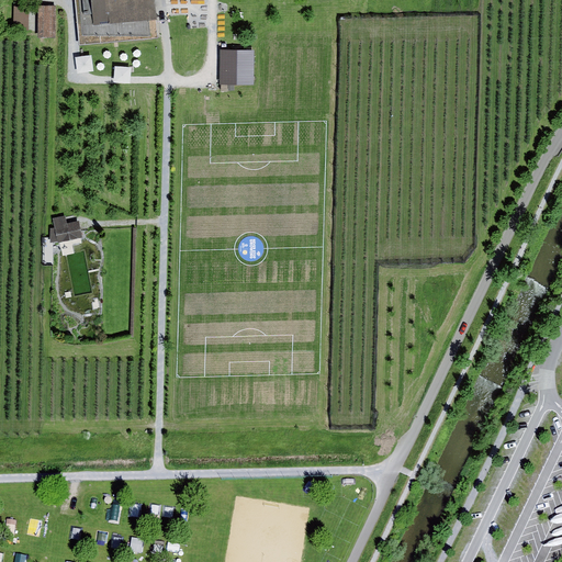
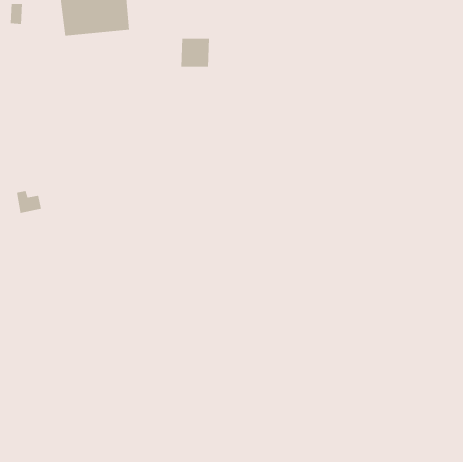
building: [37,4,55,35] -> none
building: [52,214,82,241] -> [16,191,42,213]

